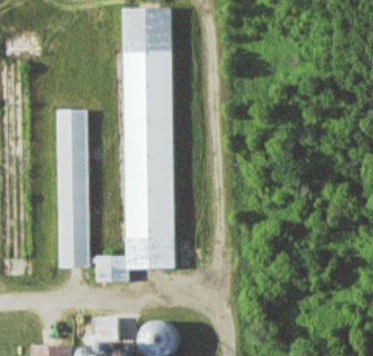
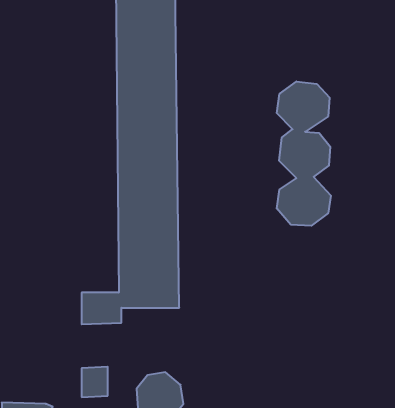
building: none -> [277,81,331,226]
building: [57,110,88,267] -> none

